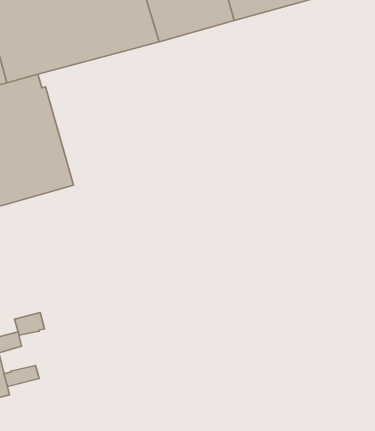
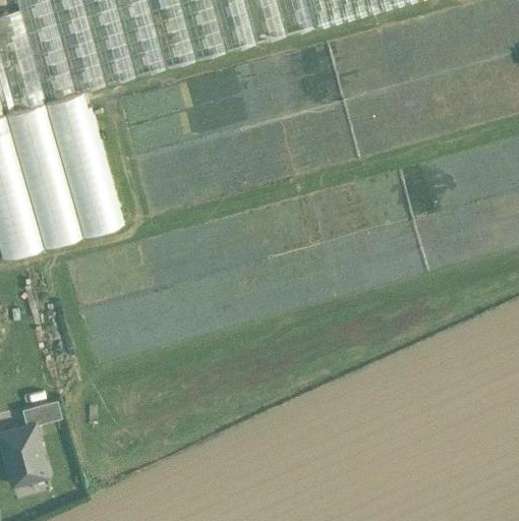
building: [15,313,45,335] -> none
building: [4,366,39,387] -> none

